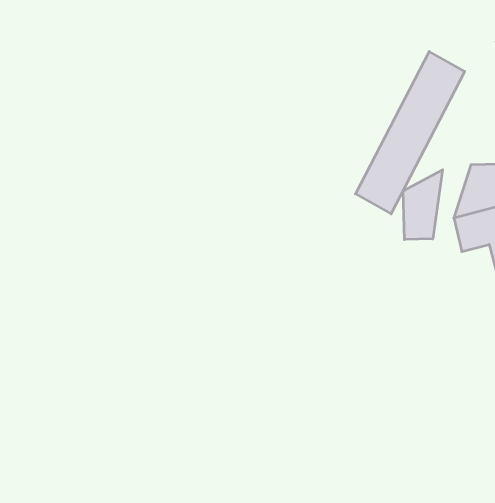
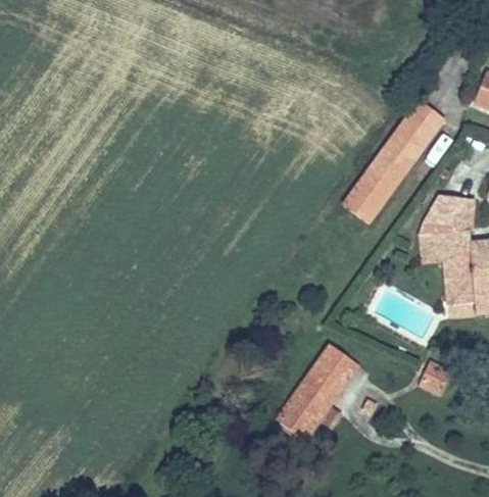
building: [403,170,443,240] -> none
building: none -> [281,344,360,435]

